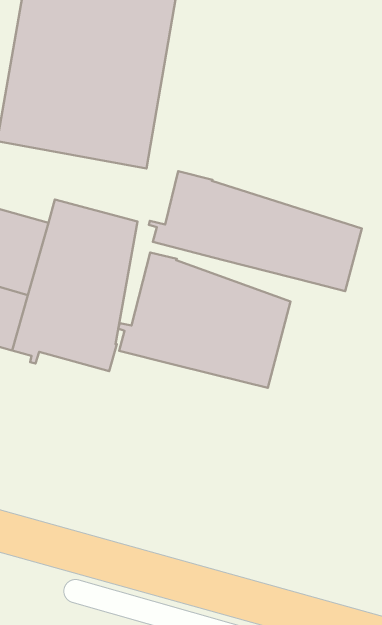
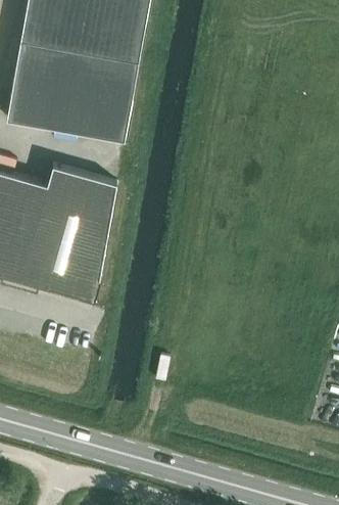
building: [149,171,362,291] -> none
building: [118,252,291,388] -> none

